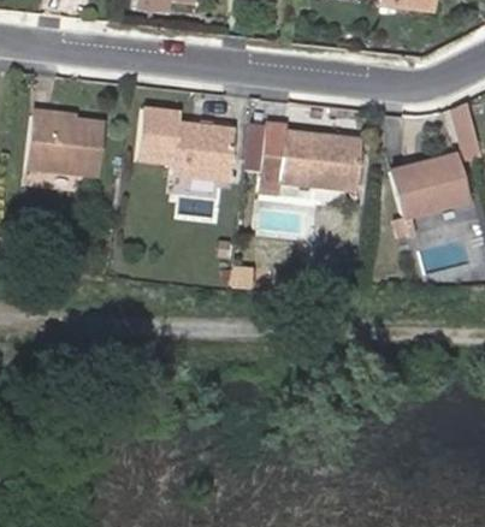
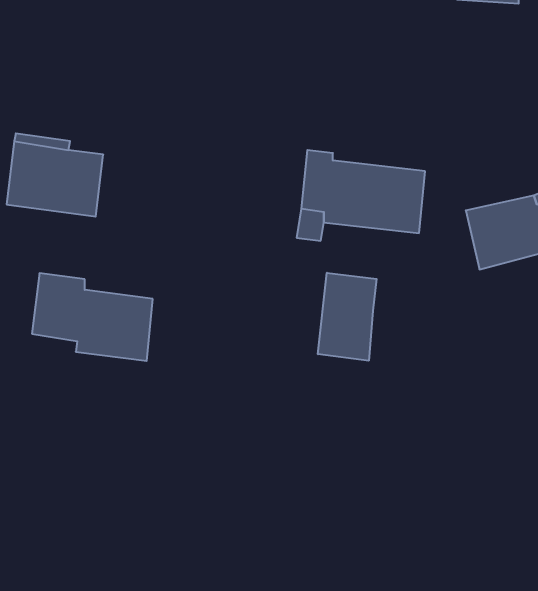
building: [137,109,233,179] -> [32,273,153,361]
building: none -> [318,273,377,361]

